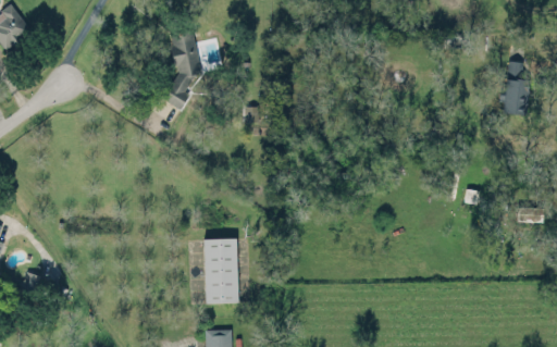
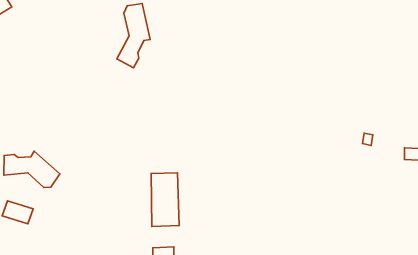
building: [500,61,529,114] -> none
building: none -> [4,151,60,188]

